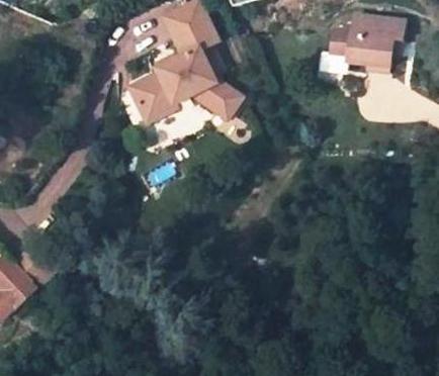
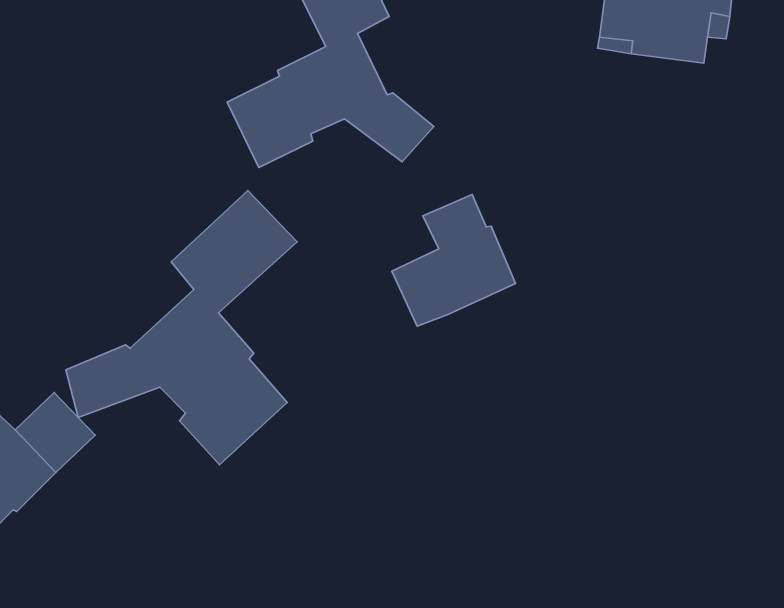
building: none -> [66,190,297,465]
building: none -> [392,194,516,326]

